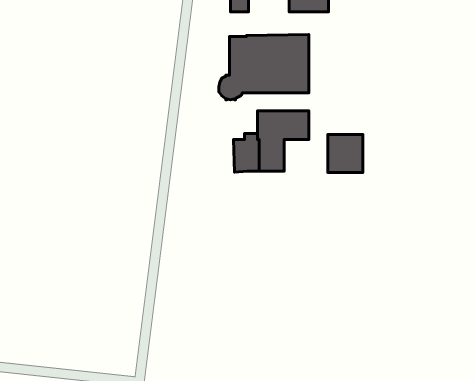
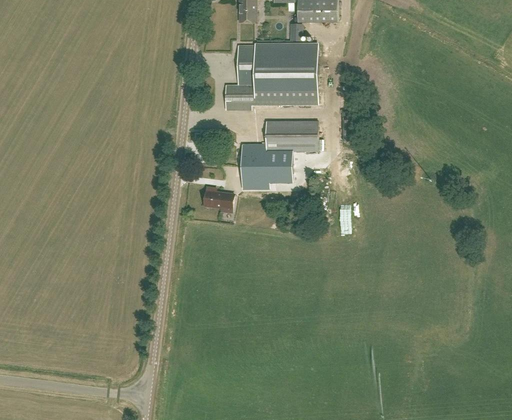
building: [328,134,363,172] -> none
building: none -> [203,187,233,211]

